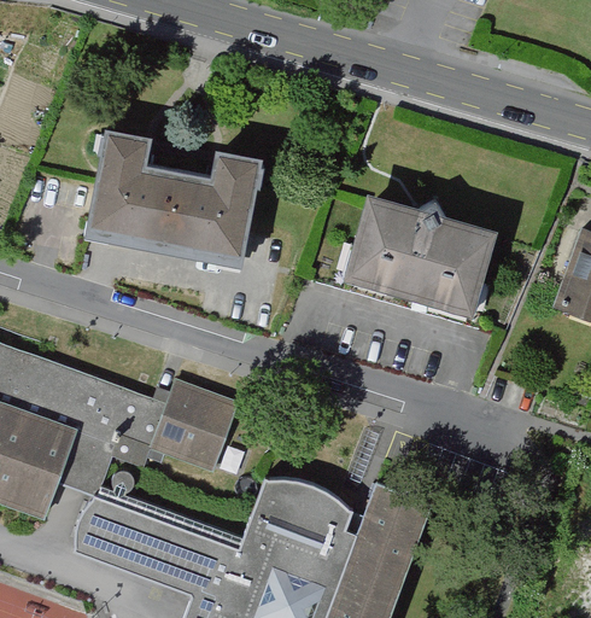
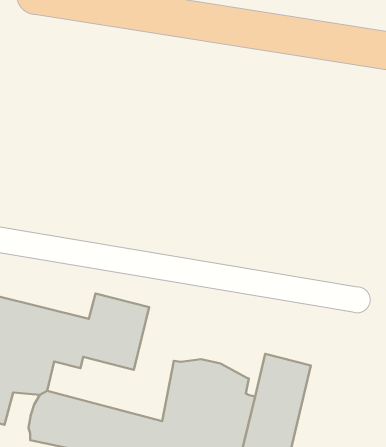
building: [93,127,268,258] -> none
building: [353,188,502,307] -> none

